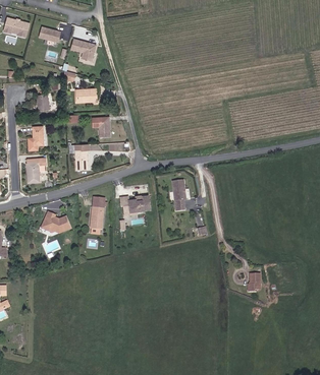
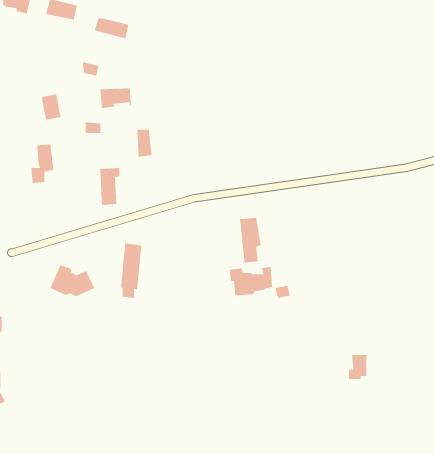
building: [28,158,47,183] -> none
building: [119,194,150,214] -> [229,266,273,296]

